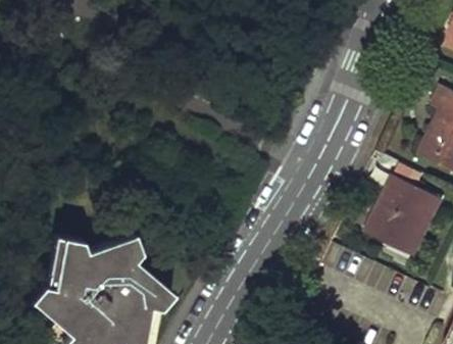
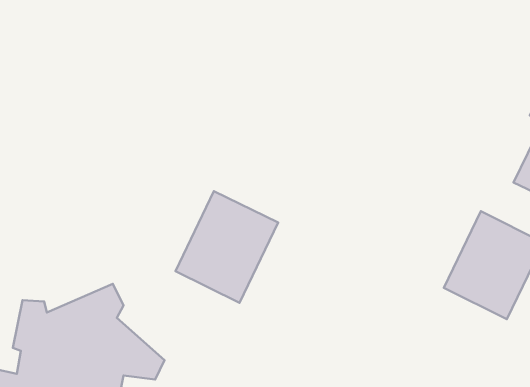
building: none -> [175,191,278,303]

